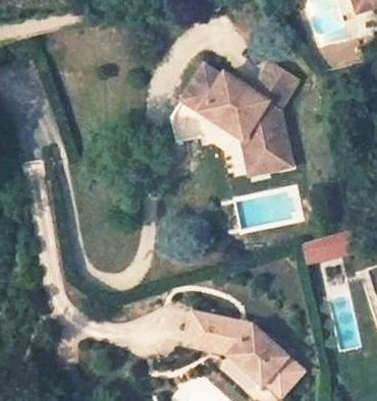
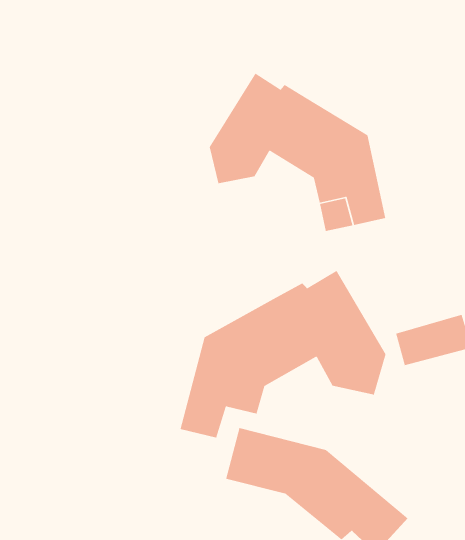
building: [237,64,299,109] -> none
building: none -> [179,270,386,439]

